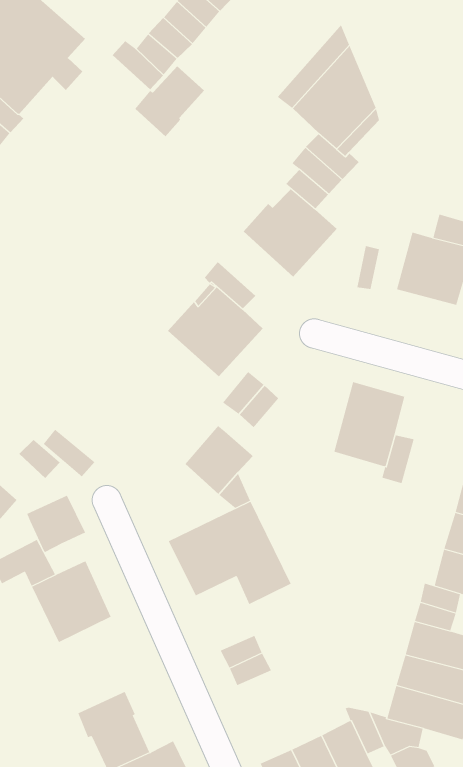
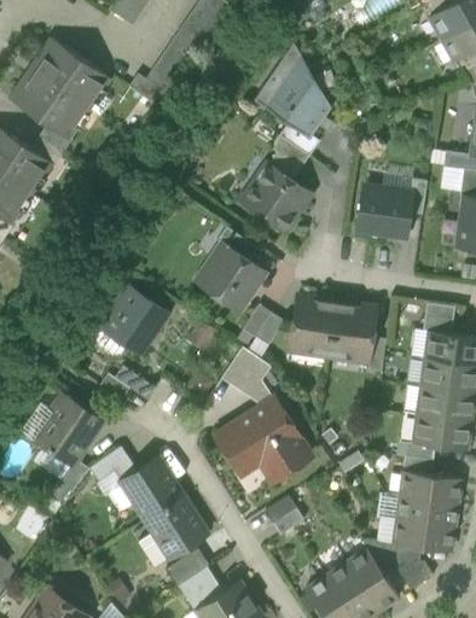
building: [135,65,205,137] -> none
building: none -> [97,285,168,355]
building: none -> [289,297,335,355]
building: [26,495,86,553] -> none
building: none -> [145,496,207,559]

